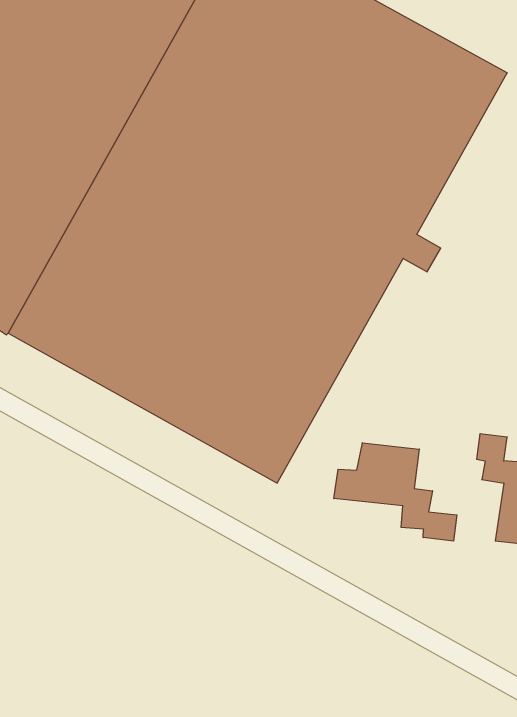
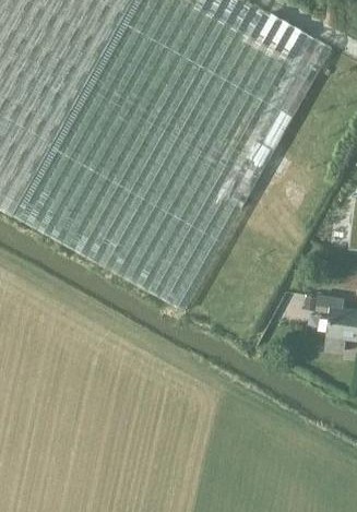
building: [334,443,457,541] -> none

